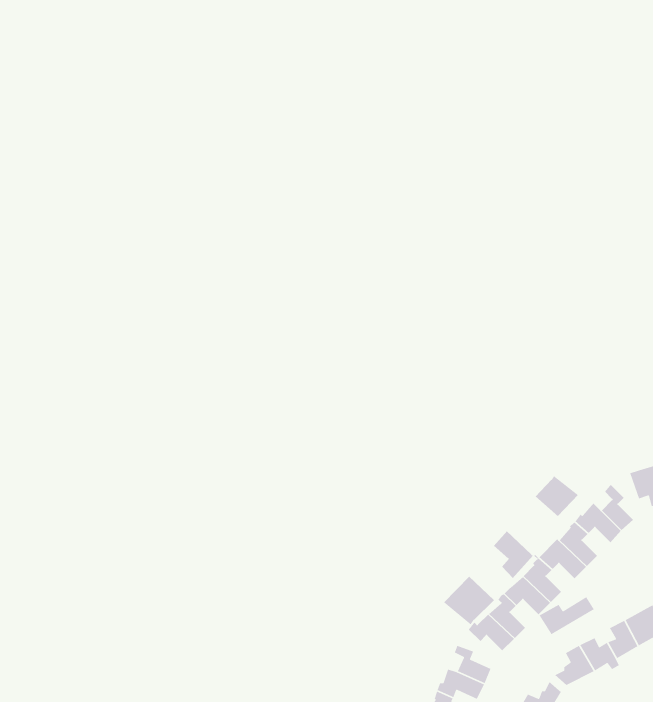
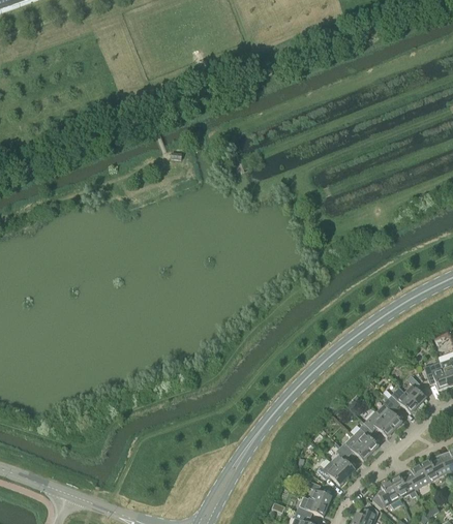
building: [535,475,579,517] -> none
building: [493,531,534,579] -> none
building: [443,576,495,625] -> none
building: [538,596,595,635] -> none

